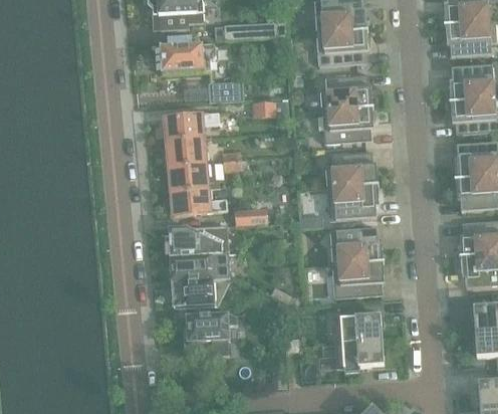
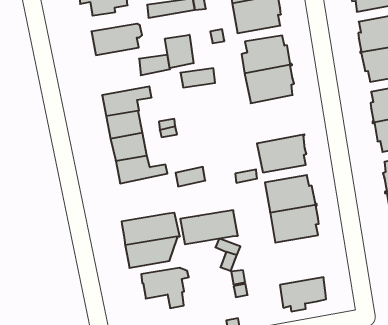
building: none -> [165,35,194,68]
building: [325,150,379,187] -> none
building: [169,224,229,255] -> [180,210,238,244]
building: [334,315,383,343] -> none

